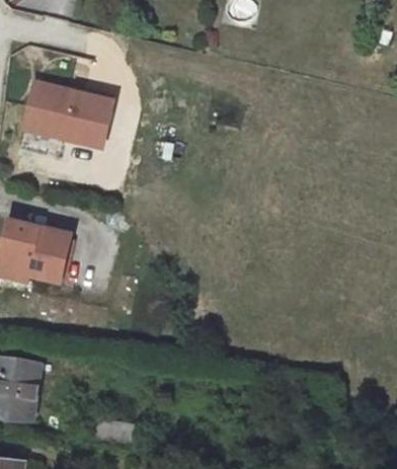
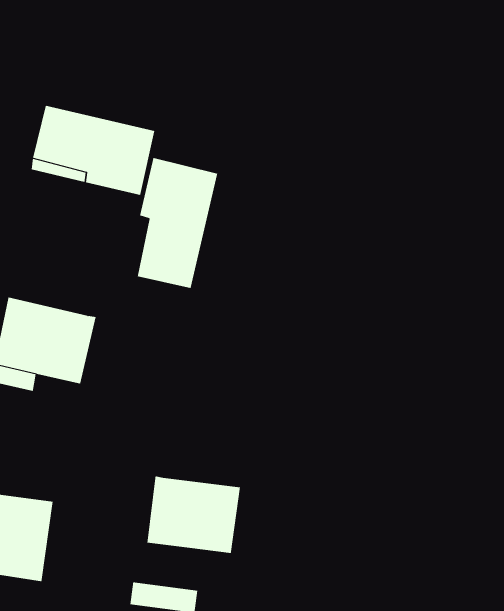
building: none -> [137,157,218,289]
building: none -> [147,476,241,554]

